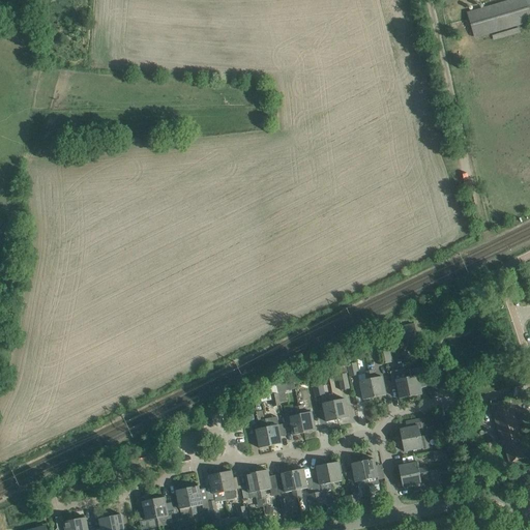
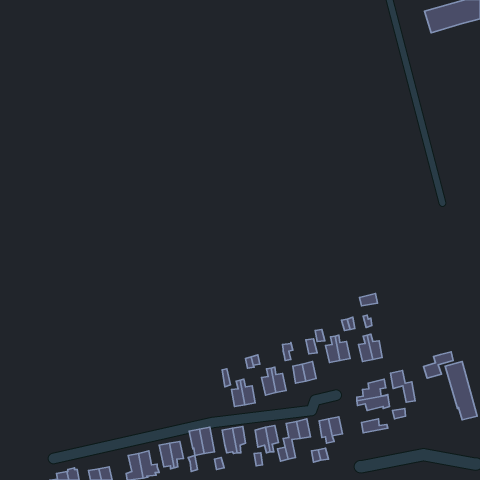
building: none -> [424,352,453,378]
building: none -> [390,370,415,402]
building: [400,471,431,490] -> none

